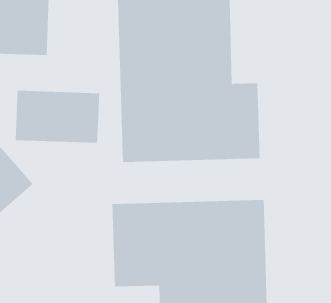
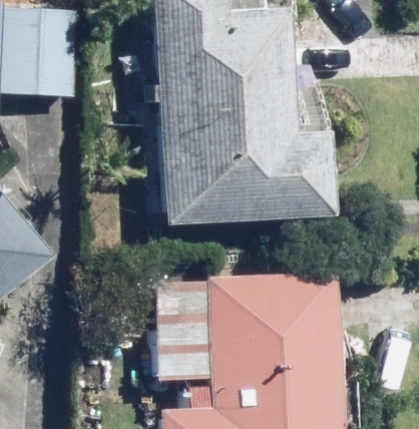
building: [15,90,100,144] -> none

